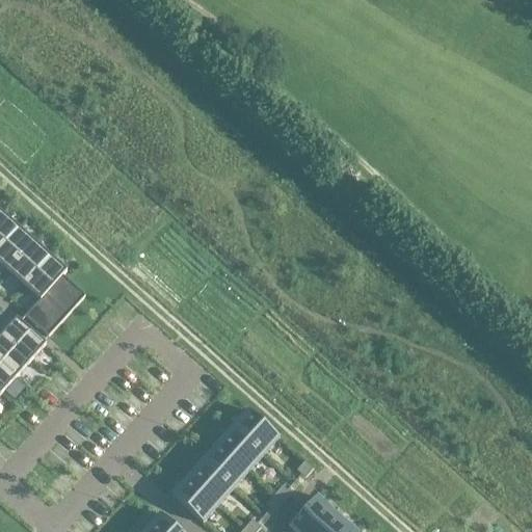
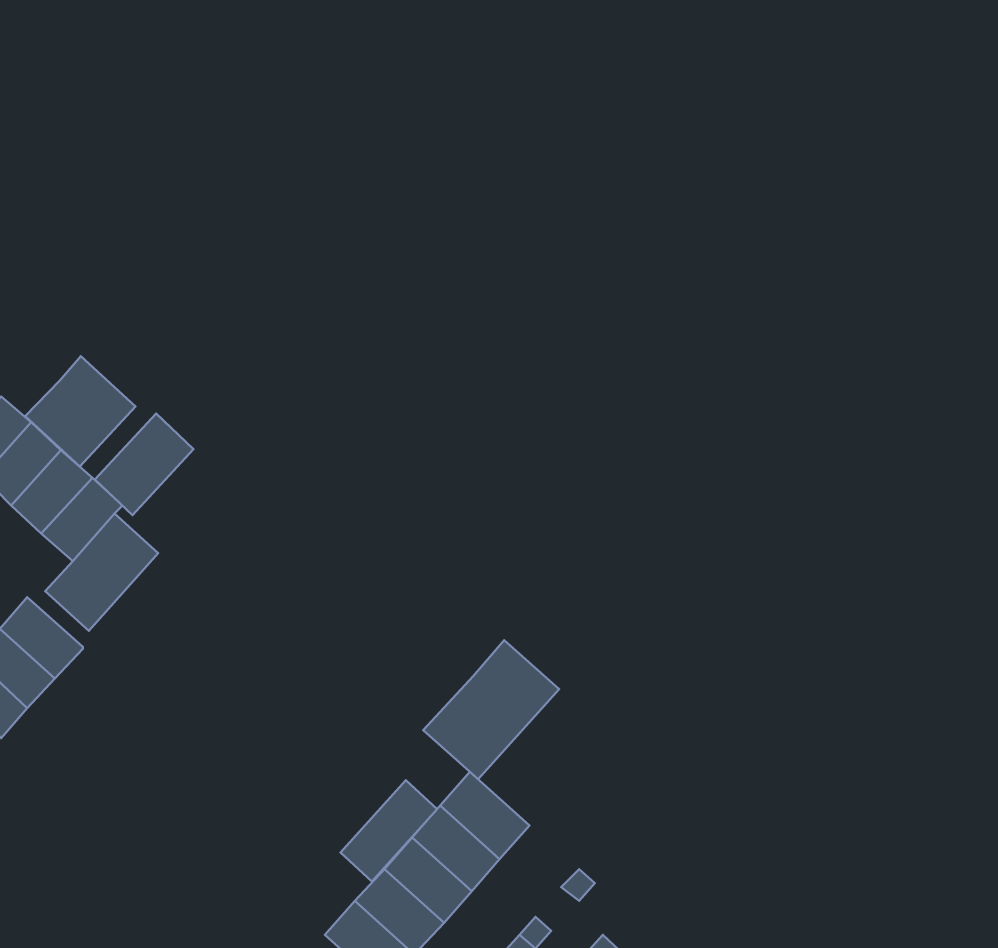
building: none -> [25,356,135,467]
building: none -> [95,414,194,515]
building: none -> [423,640,559,779]
building: none -> [341,780,437,882]

